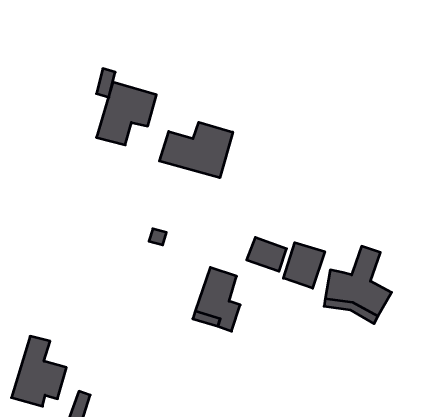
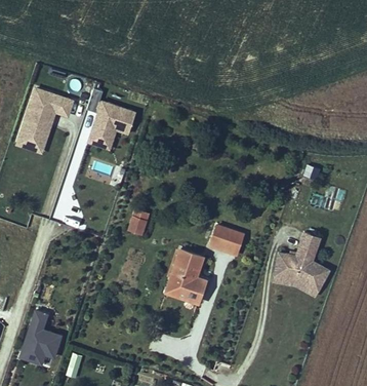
building: none -> [15,85,75,153]
building: [159,122,233,178] -> none
building: [283,243,325,288] -> none

